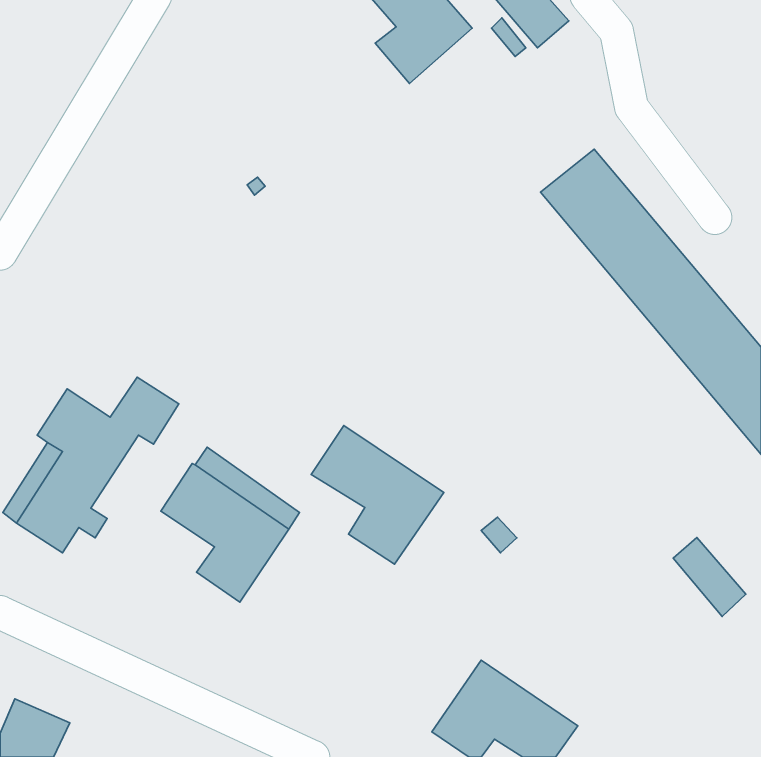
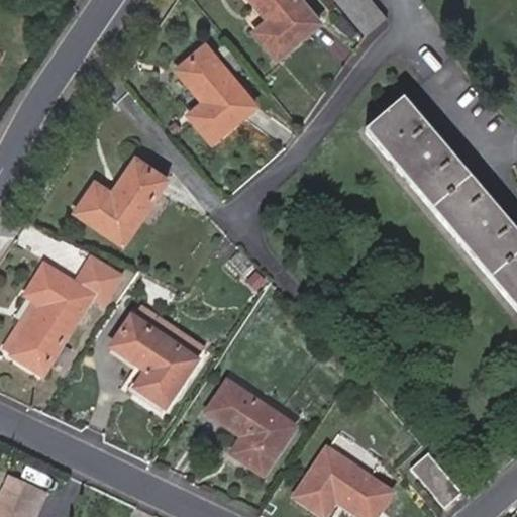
building: none -> [177,42,255,139]
building: none -> [76,156,168,242]
building: [311,425,444,564] -> [205,381,295,475]
building: [673,537,746,616] -> [411,453,460,507]

